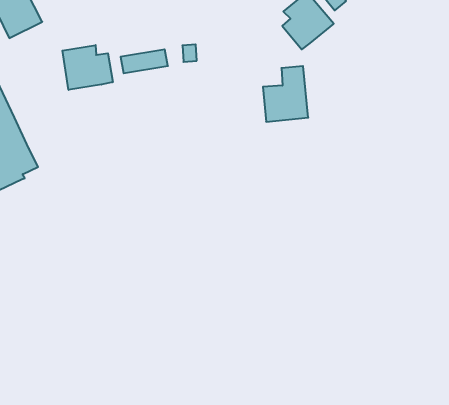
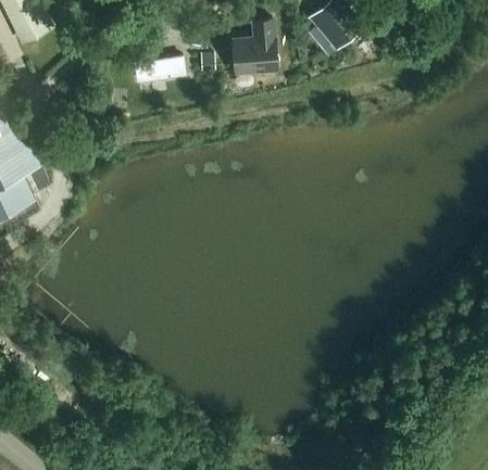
building: [62,45,113,90] -> none
building: [263,66,308,122] -> [228,17,276,76]

